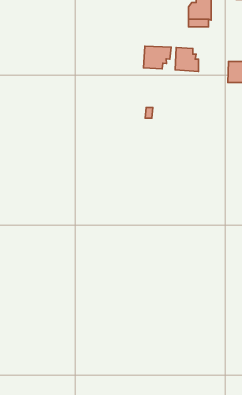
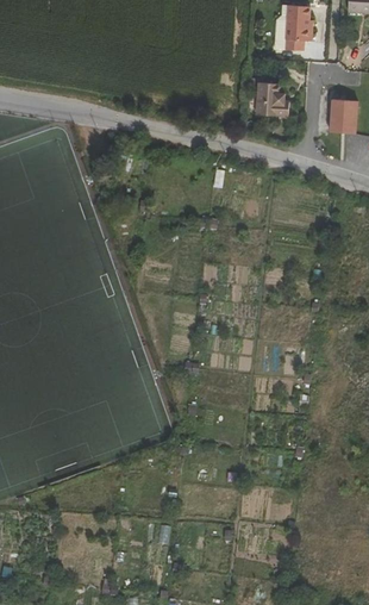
building: [143,46,171,69] -> none

